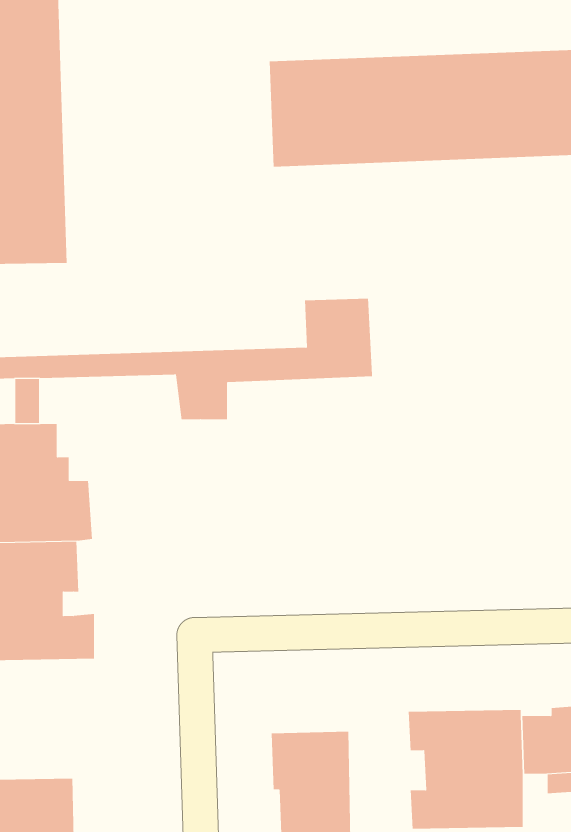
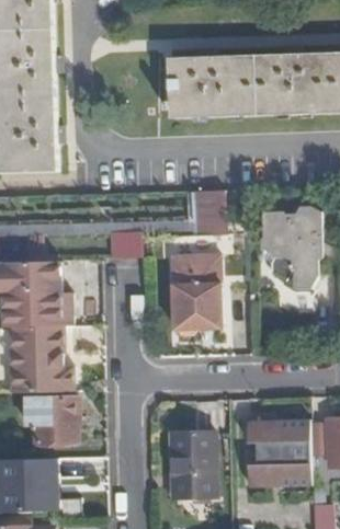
building: none -> [262,206,324,290]
building: none -> [172,257,222,329]
building: none -> [25,399,79,441]

